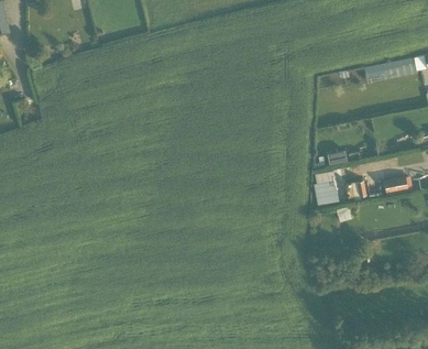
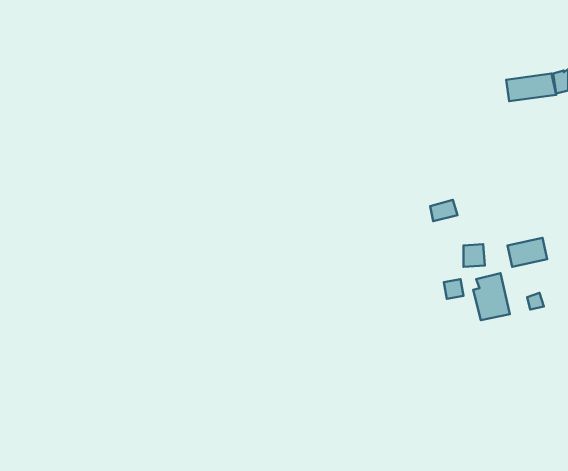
building: [312,171,339,205] -> [473,273,510,320]

